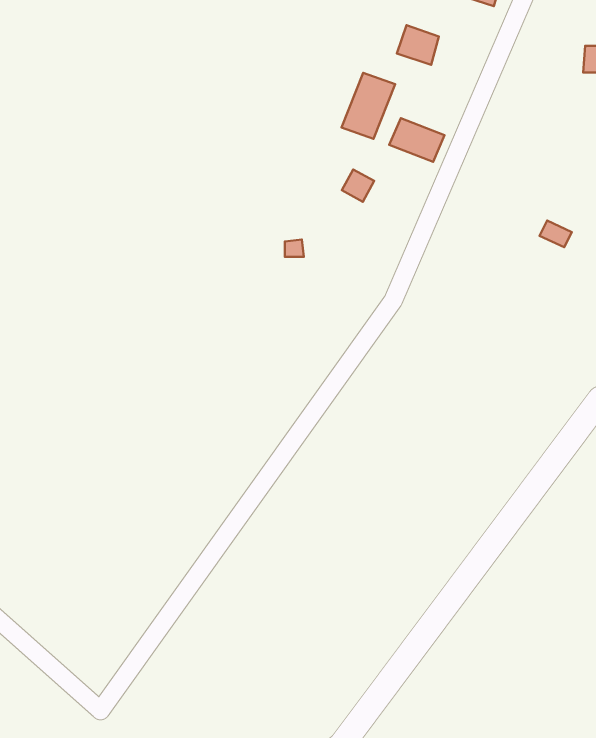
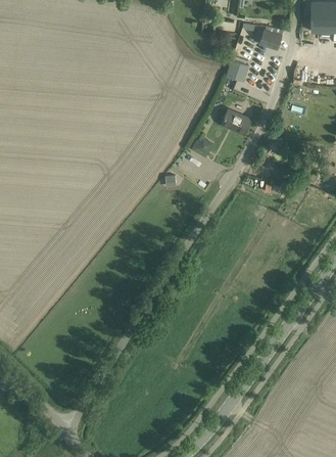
building: [342,73,395,139] -> none

